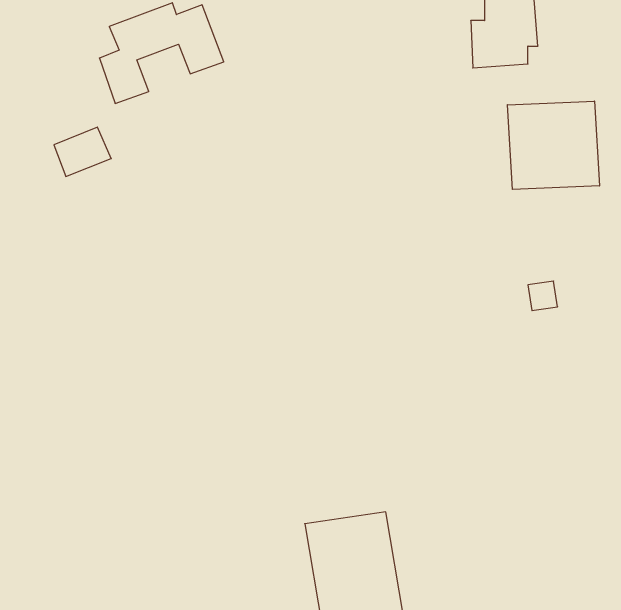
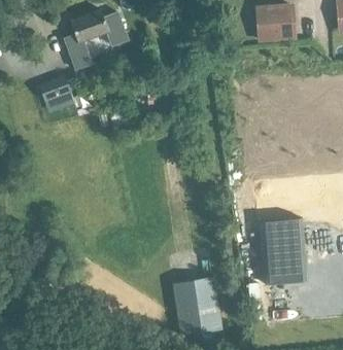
building: [507,101,599,189] -> none
building: none -> [259,219,304,284]

